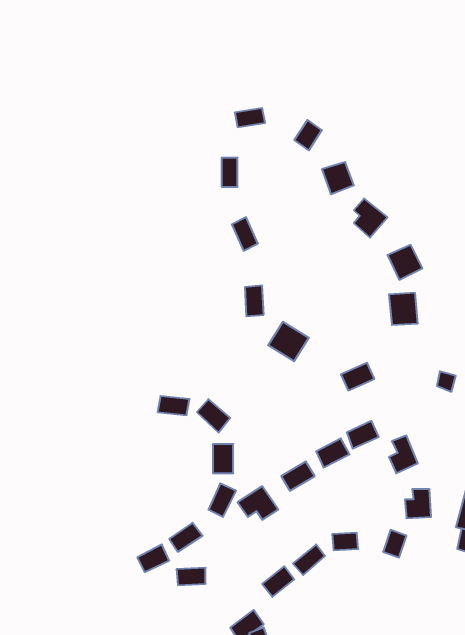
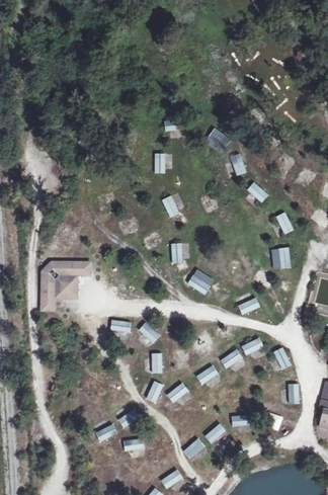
building: none -> [39,253,91,306]

